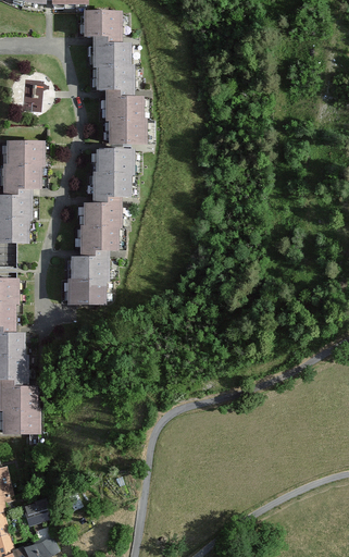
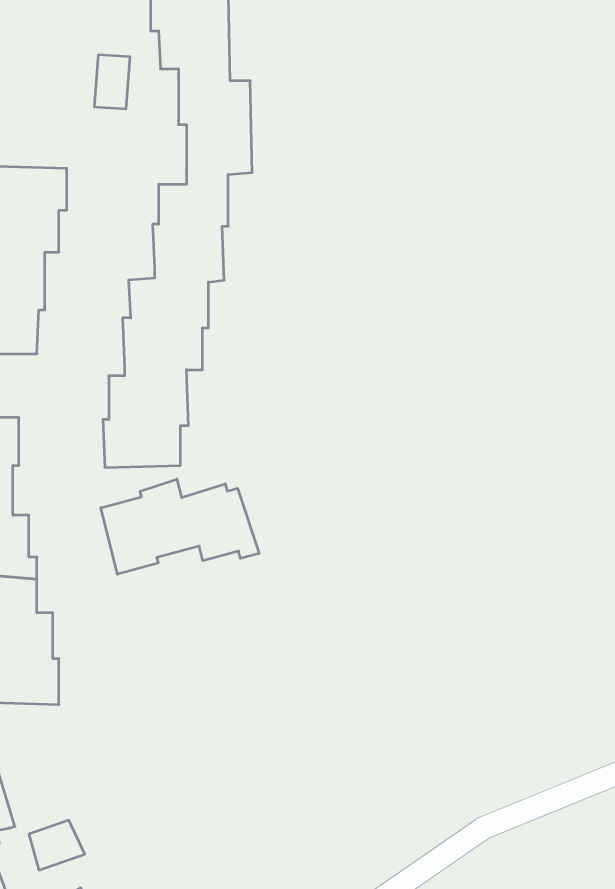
building: [26,81,46,110] -> [94,55,130,109]
building: none -> [101,479,259,574]

